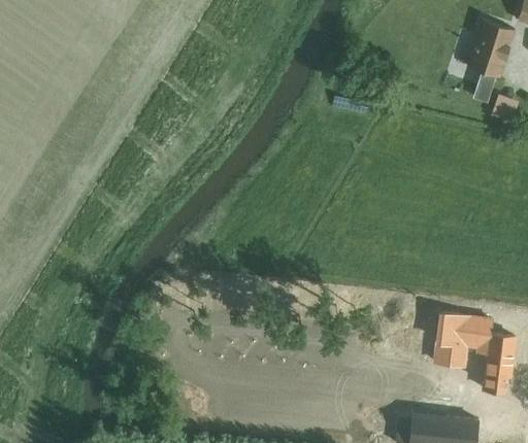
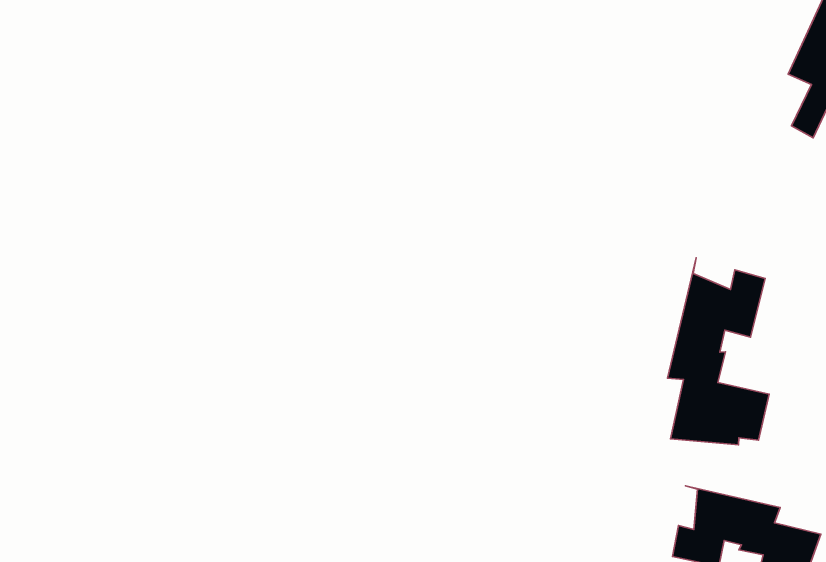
building: none -> [667,258,769,445]

